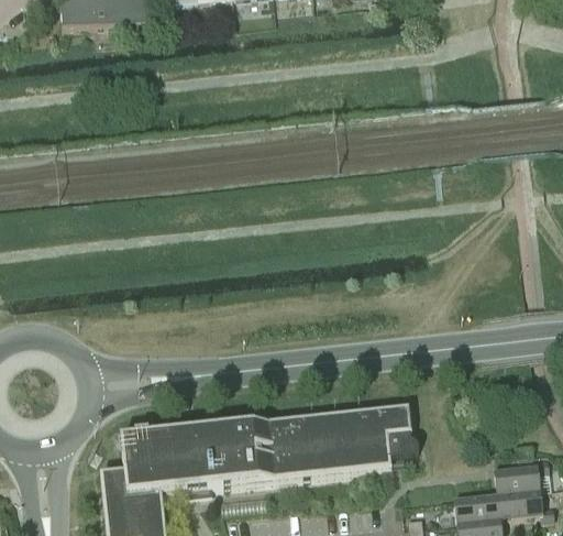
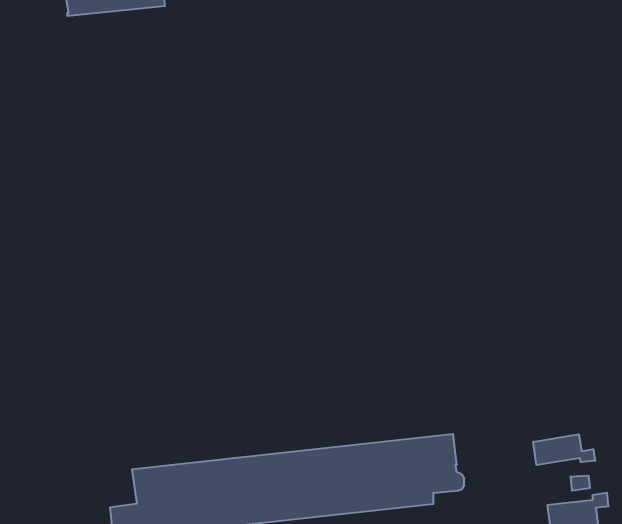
building: none -> [533,434,595,465]

